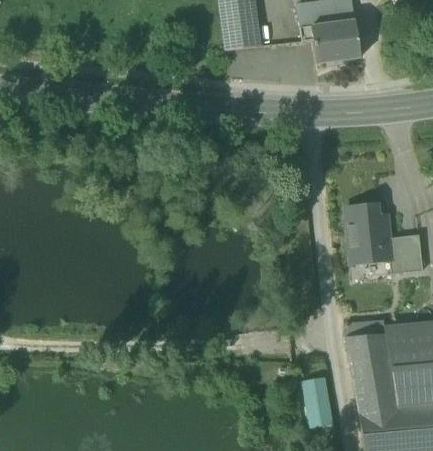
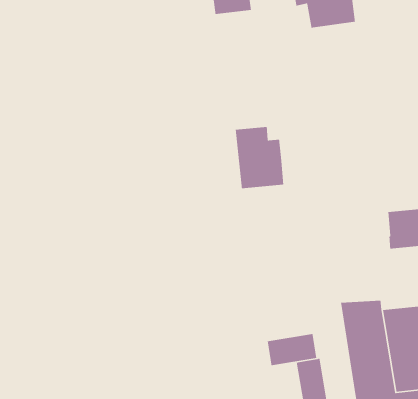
building: [344,204,391,264] -> [235,126,284,189]
building: none -> [267,333,317,366]

